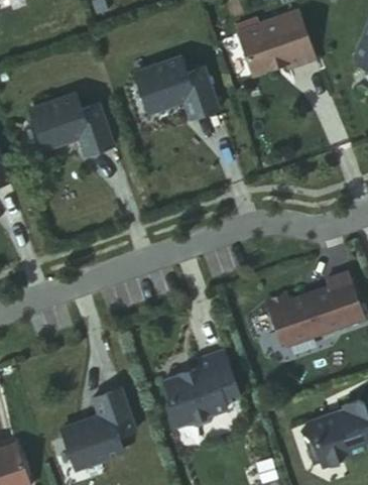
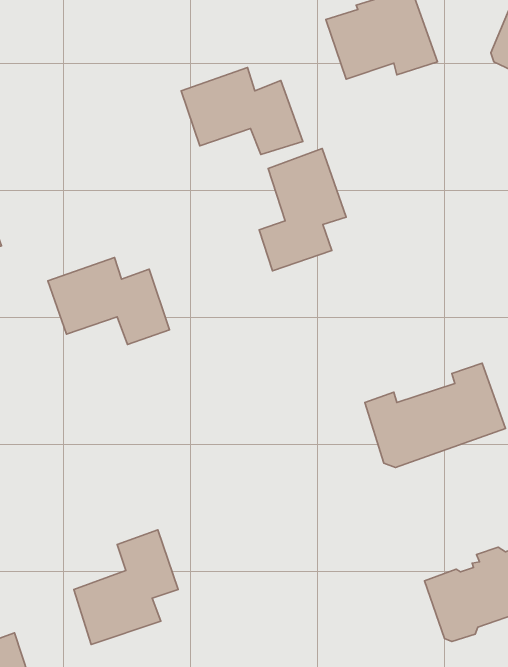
building: [32,102,117,162] -> [48,257,169,344]
building: none -> [259,149,346,271]
building: [162,348,238,425] -> none

